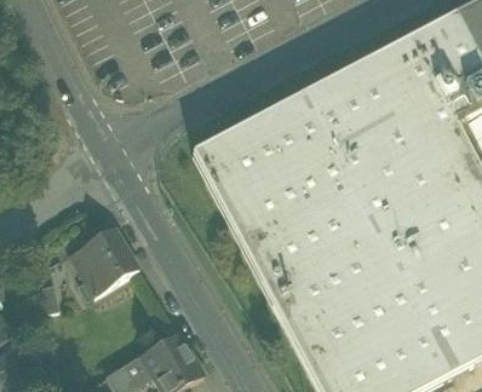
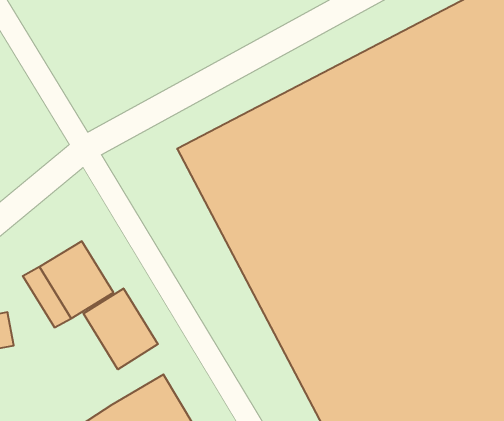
building: none -> [83,288,158,369]

